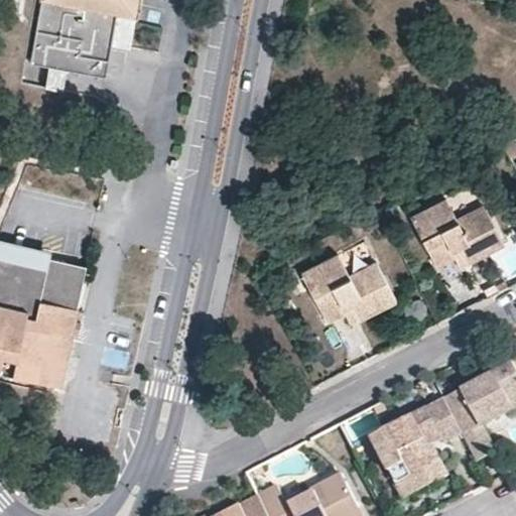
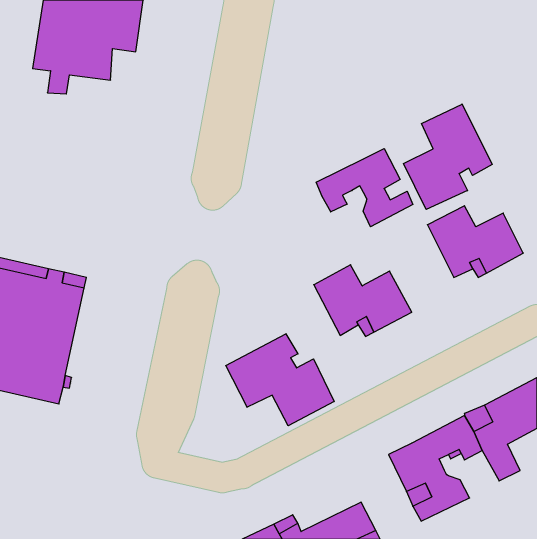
building: none -> [403,104,492,209]
building: none -> [316,149,413,227]
building: none -> [226,334,334,426]

